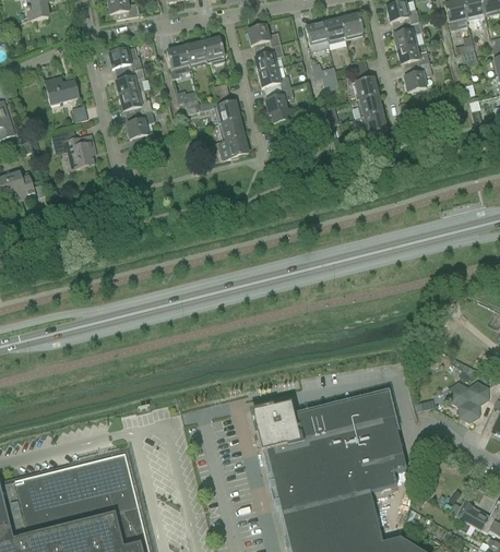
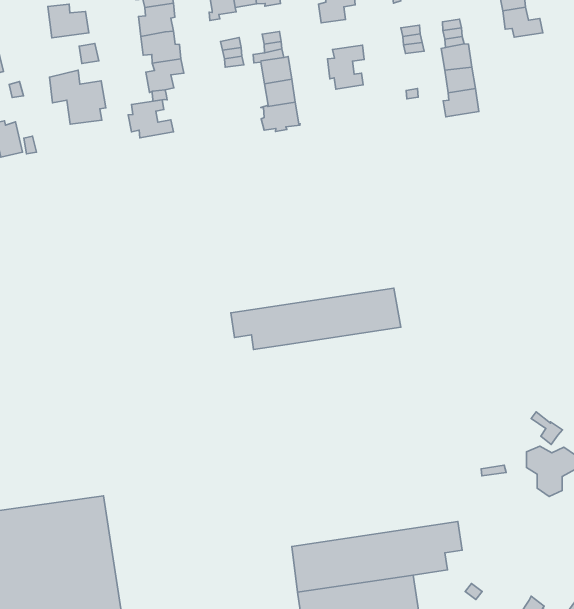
building: [404,63,432,92] -> none
building: [258,68,291,92] -> none
building: none -> [128,100,173,138]
building: none -> [231,288,401,350]
building: [251,392,401,479] -> none

